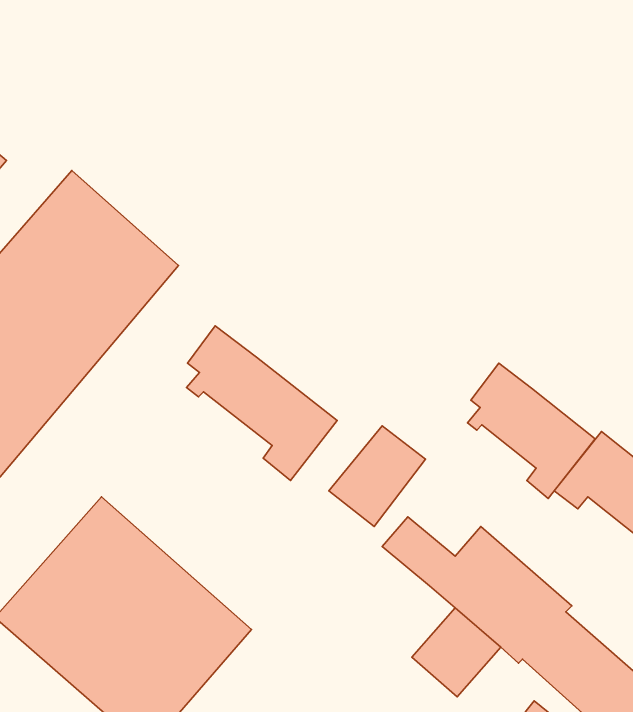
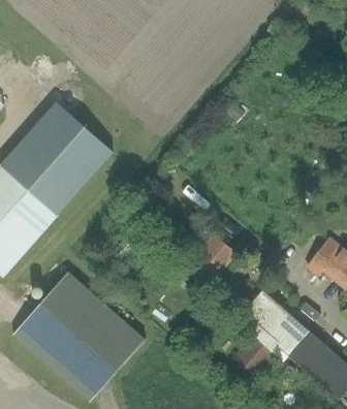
building: [187,326,337,481] -> none
building: [468,363,595,499] -> none

